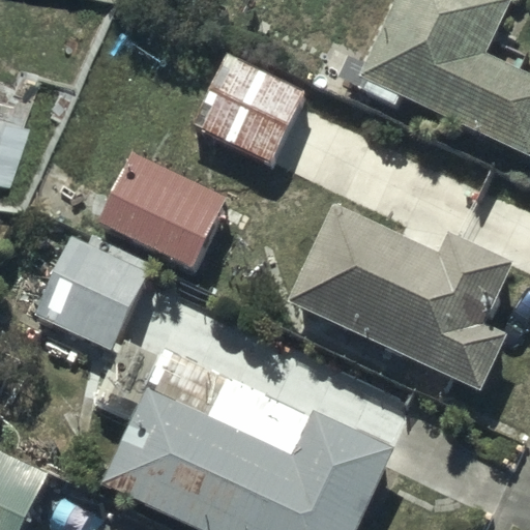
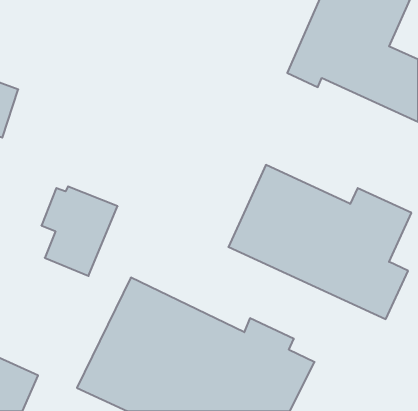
building: [192,53,305,163] -> none
building: [97,152,226,267] -> none

